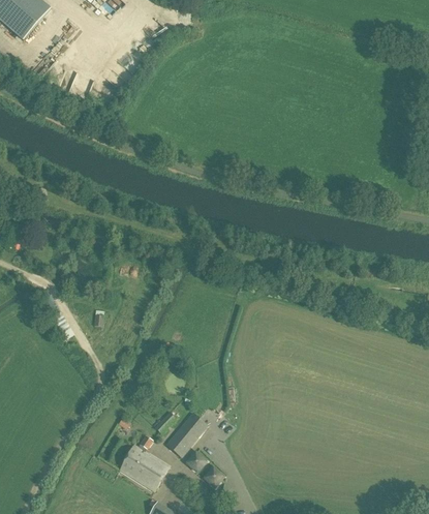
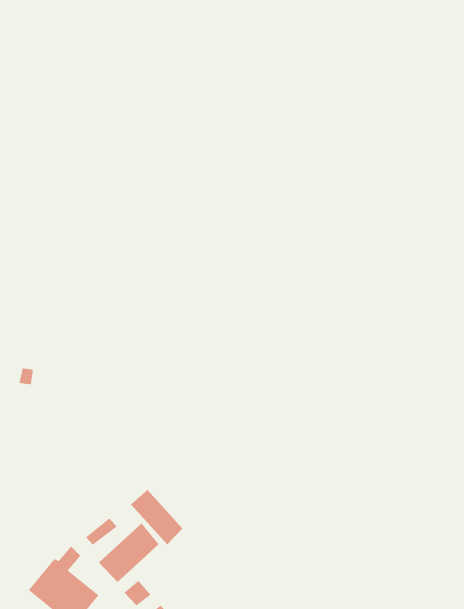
building: none -> [130,489,183,545]

